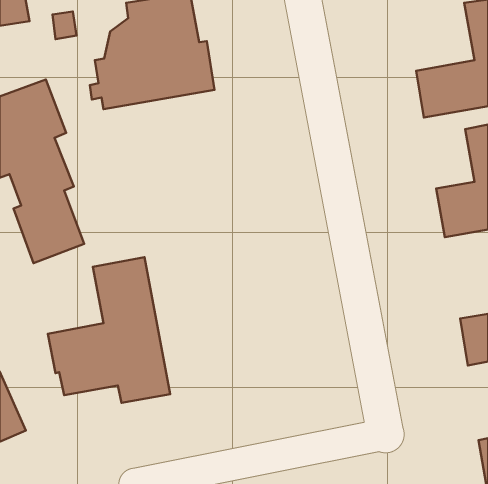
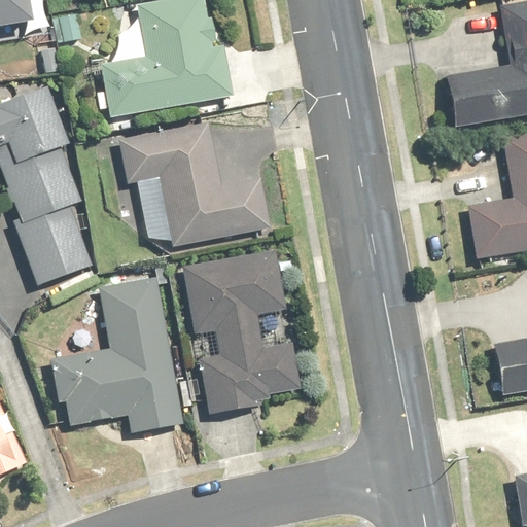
building: none -> [119,121,270,249]
building: none -> [186,251,300,413]

